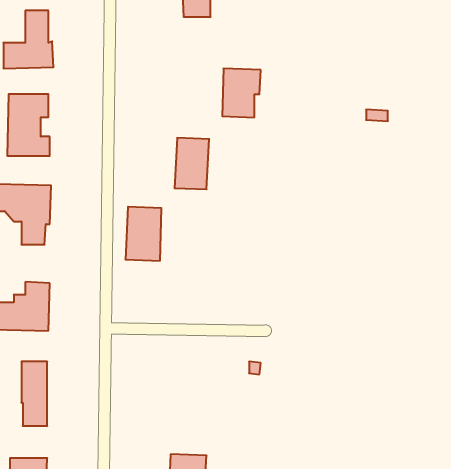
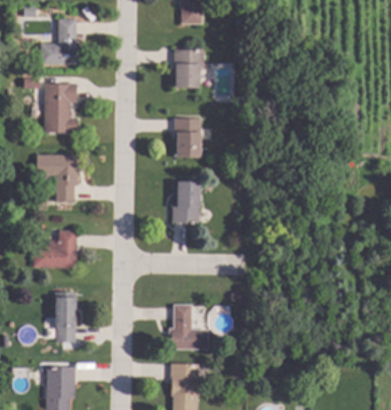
building: [222,69,261,117] -> [174,49,204,87]
building: [125,207,161,261] -> [172,181,200,223]
building: none -> [168,304,207,351]

